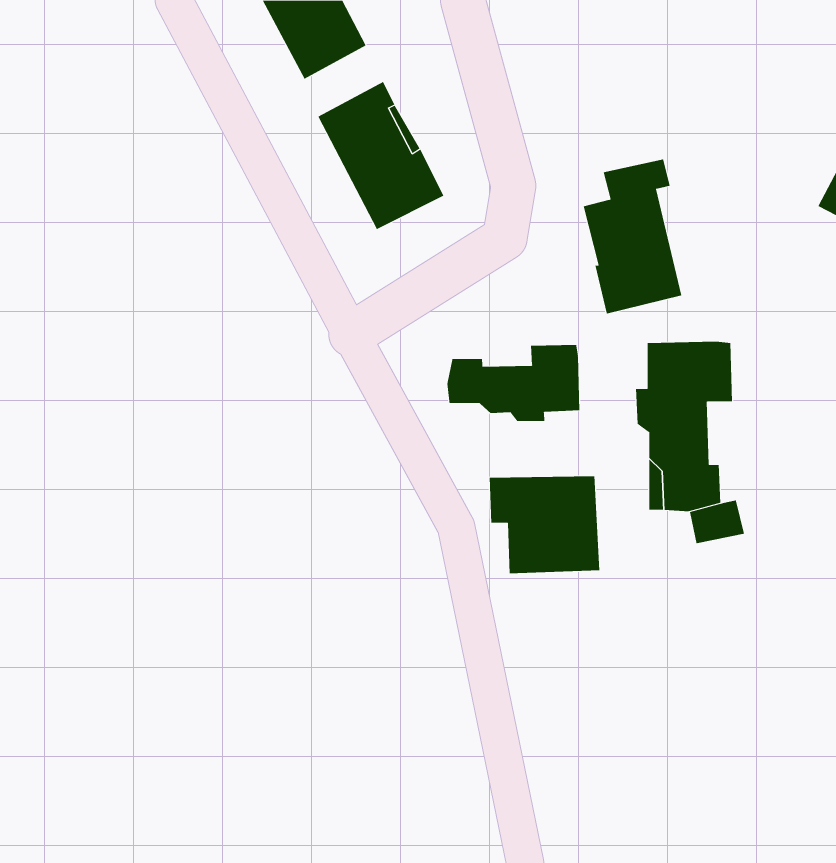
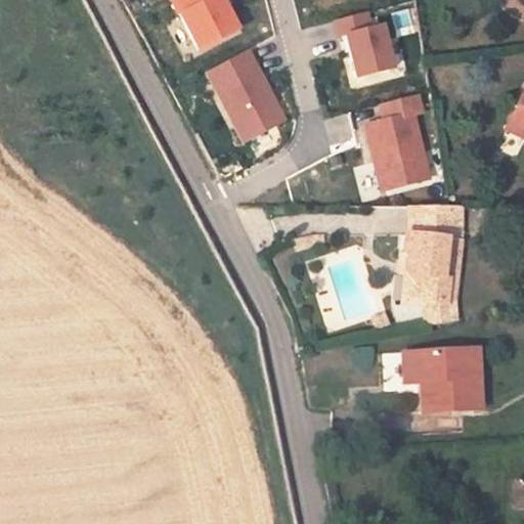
building: none -> [338,12,394,78]
building: [447,344,580,422] -> none
building: [489,476,600,574] -> [413,353,481,412]

